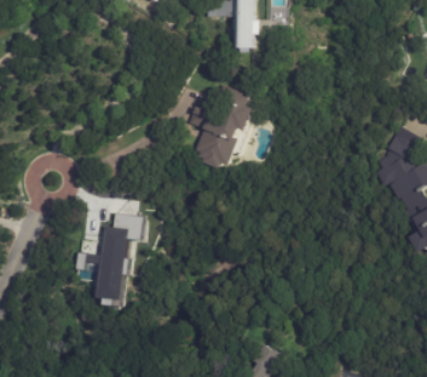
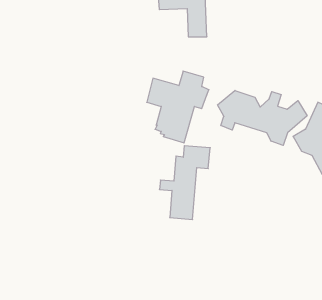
building: none -> [218,90,307,145]
building: [83,215,143,301] -> [159,146,210,220]

